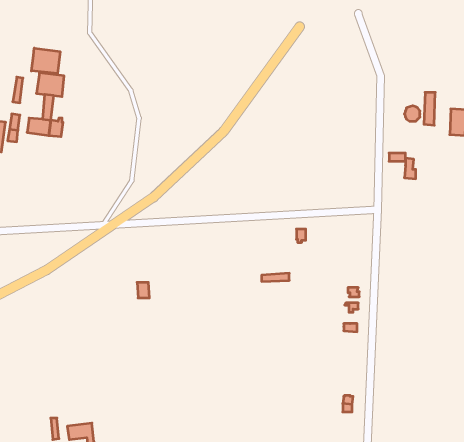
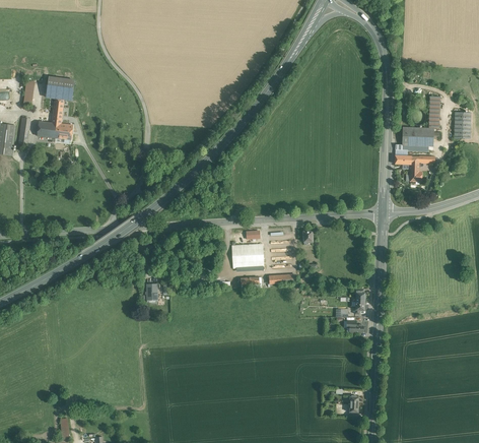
building: [31,48,60,73] -> none
building: none -> [403,128,433,146]
building: none -> [232,244,264,268]

